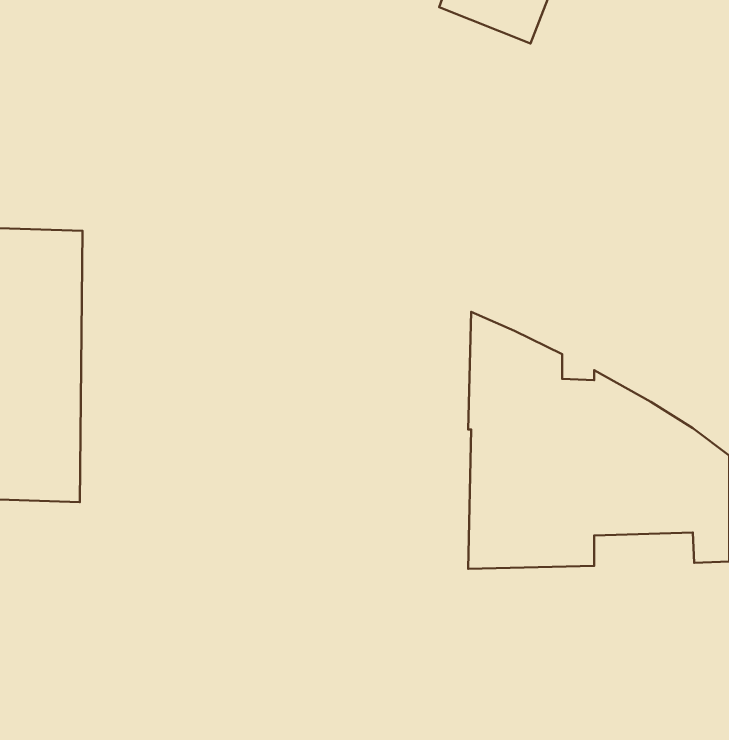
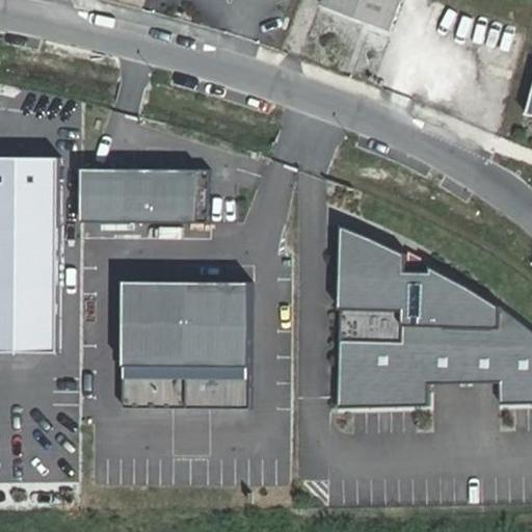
building: none -> [79,166,206,220]
building: none -> [119,277,248,407]

